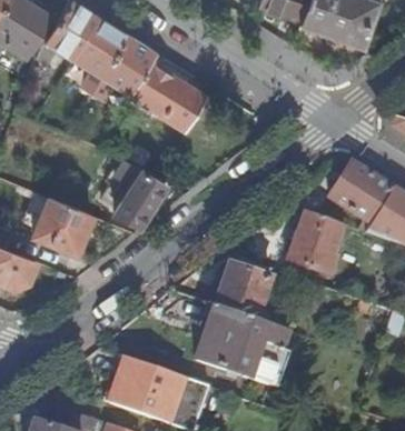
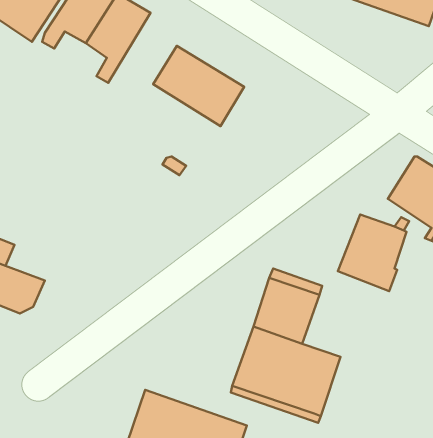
building: [92,38,157,104] -> none
building: [110,161,167,231] -> none
building: [34,200,92,254] -> none

